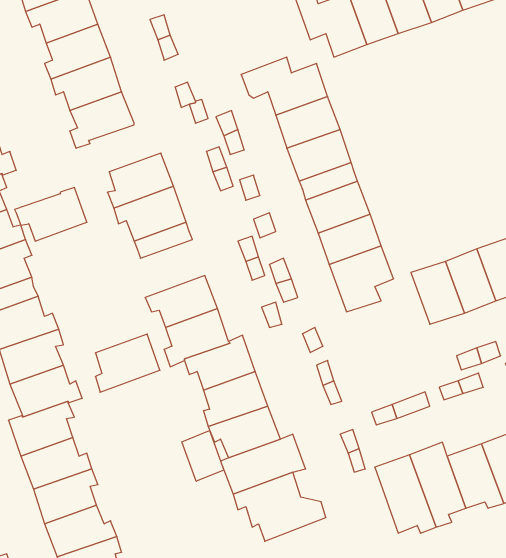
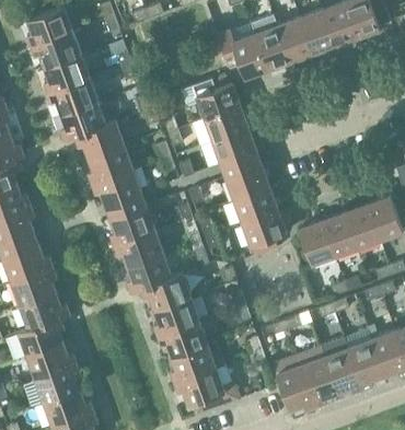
building: [15,188,87,241] -> [73,121,124,159]
building: [95,334,160,392] -> [109,206,154,246]
building: [182,431,224,481] -> none

